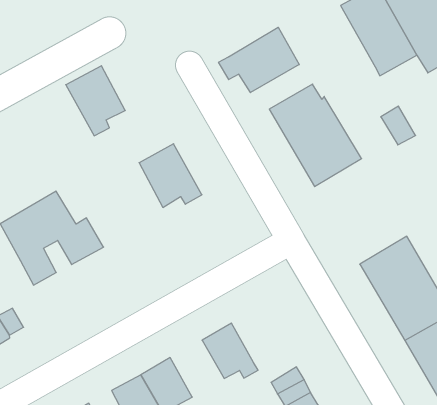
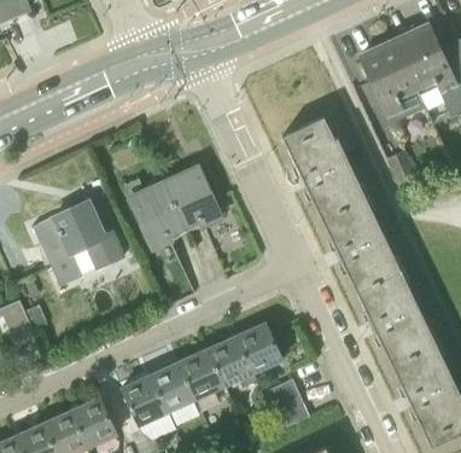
building: [219,27,299,93] -> none
building: [66,66,125,136] -> [130,182,182,245]
building: none -> [321,196,401,291]
building: none -> [235,321,282,372]
building: none -> [177,348,224,399]

